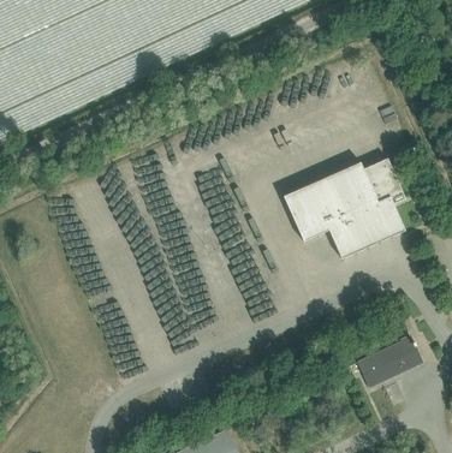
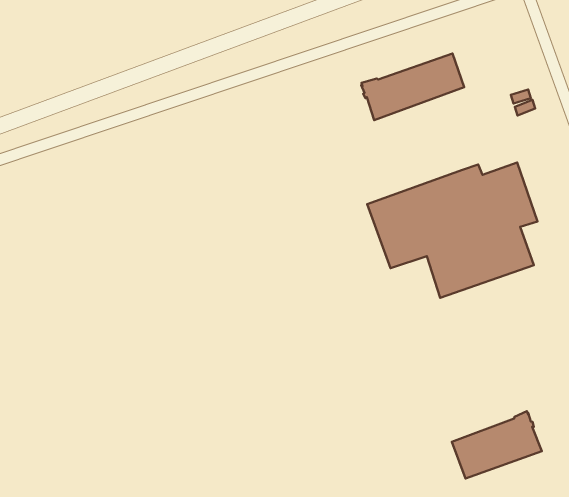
building: none -> [361,53,464,120]

